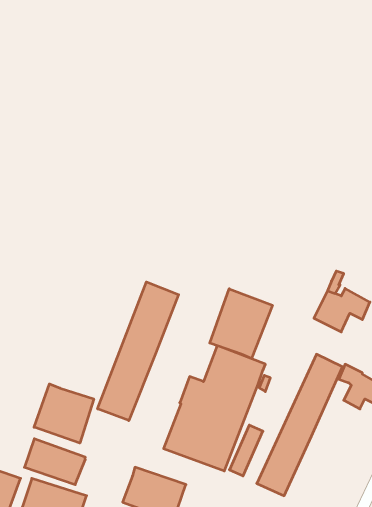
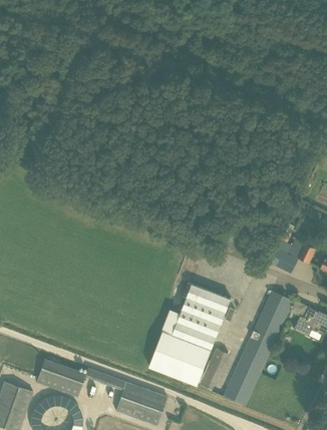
building: [98,282,179,421] -> none
building: [210,289,272,359] -> none
building: [34,384,94,443] -> none

